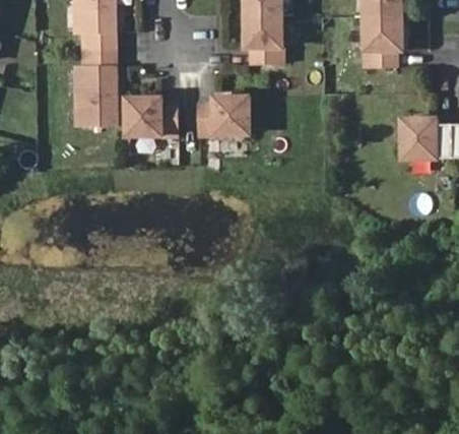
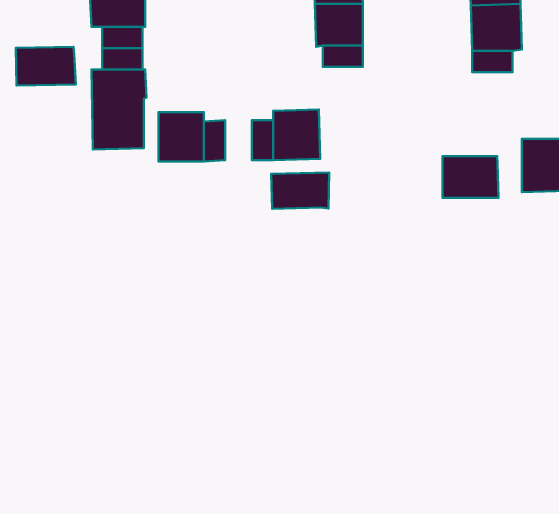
building: none -> [16,47,76,86]
building: none -> [442,156,499,198]
building: none -> [271,172,329,209]

